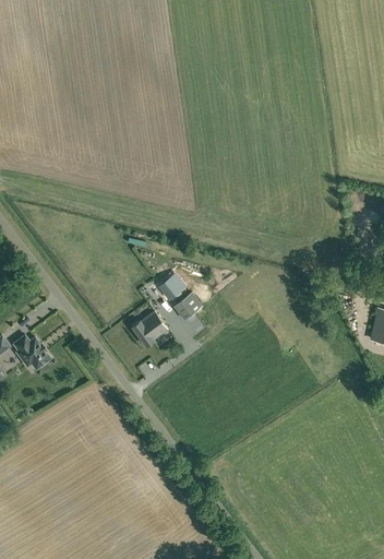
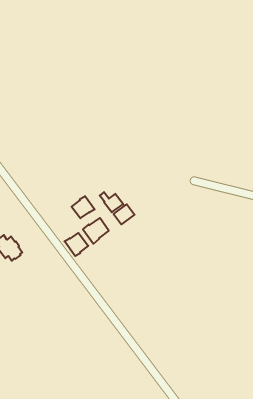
building: none -> [72,196,95,218]
building: none -> [64,233,88,256]

